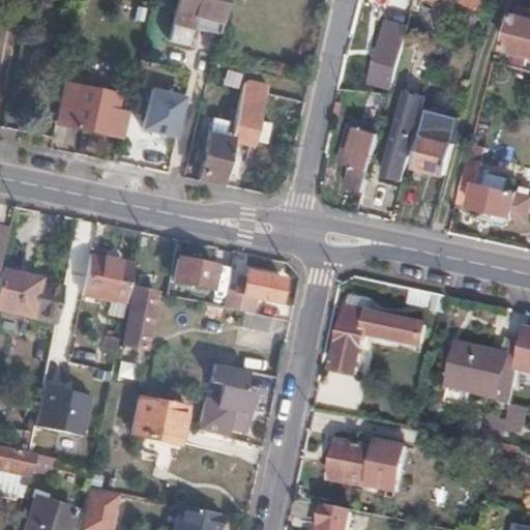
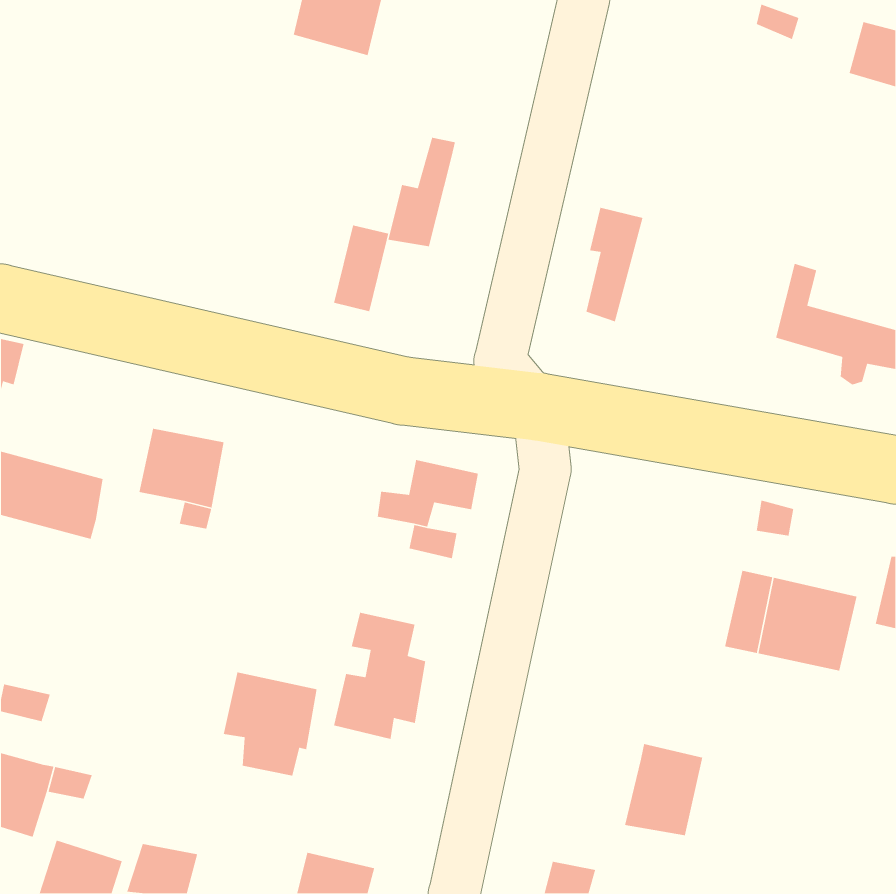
building: [372,19,408,85] -> none
building: [56,83,127,136] -> none
building: [140,89,188,142] -> none
building: [382,90,425,181] -> none
building: [412,108,461,176] -> none
building: [172,257,213,287] -> none
building: [123,286,157,348] -> none
building: [331,306,418,375] -> none
building: [32,384,88,435] -> none
building: [330,440,378,488] -> none

